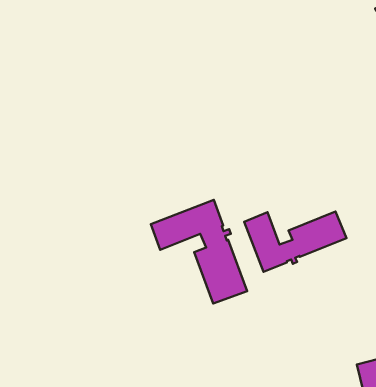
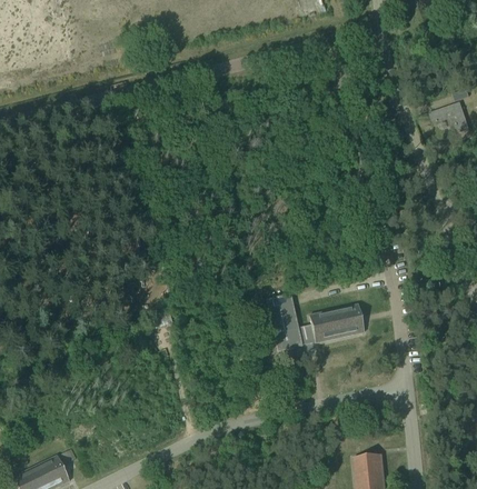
building: [151,200,247,304] -> none

